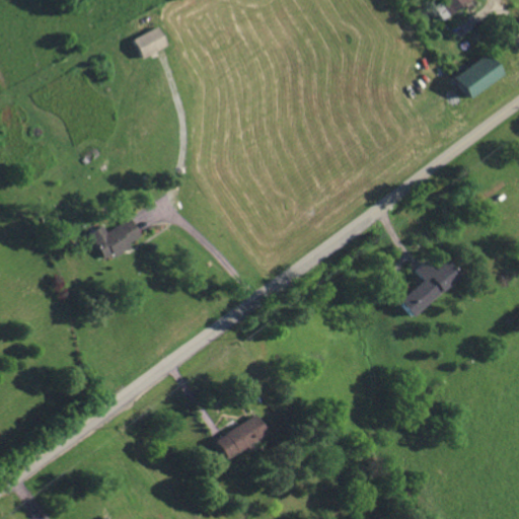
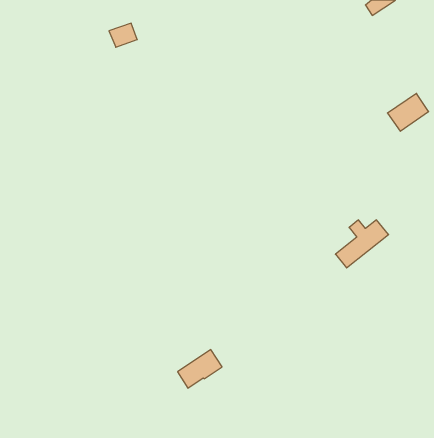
building: [453,54,502,98] -> [387,93,429,131]
building: [89,218,143,261] -> none

